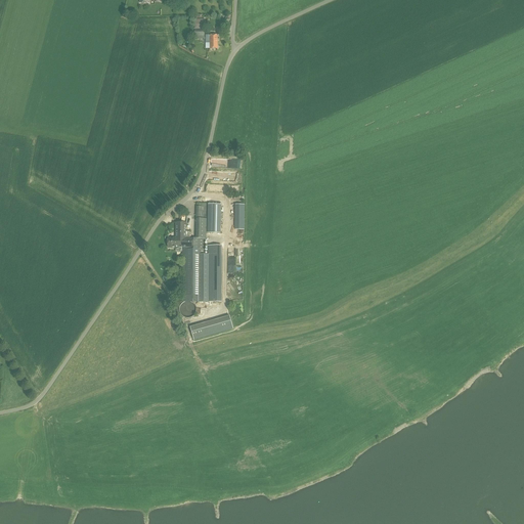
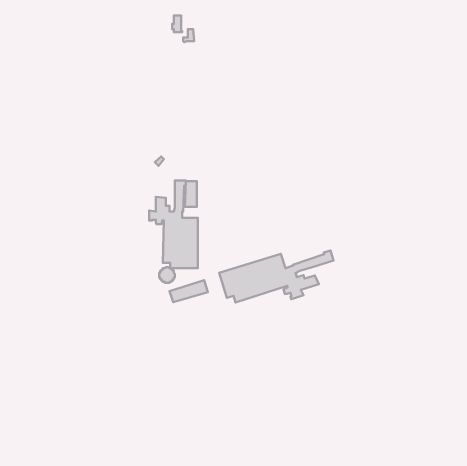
building: none -> [219,251,334,303]

